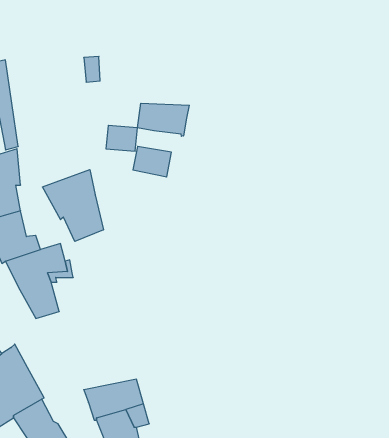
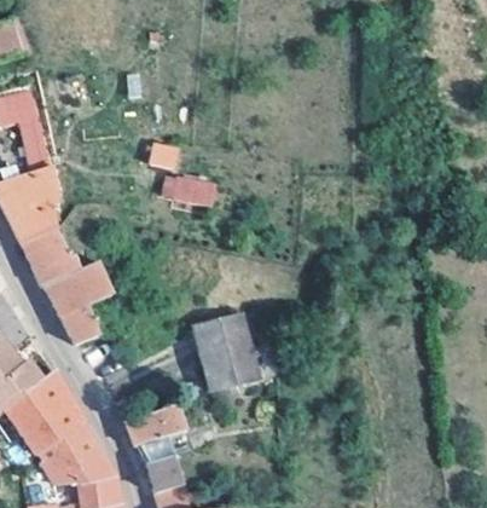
building: [138,103,189,136] -> none
building: [42,170,103,241] -> none
building: none -> [195,314,259,392]

